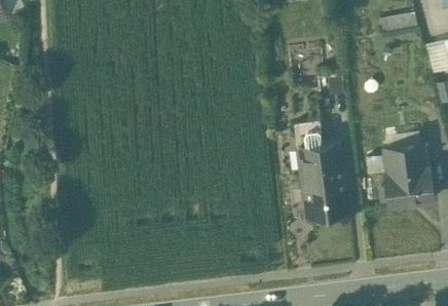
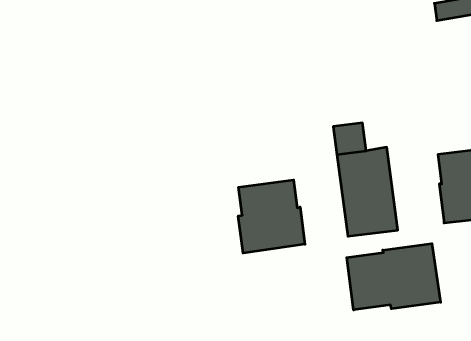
building: none -> [238,180,305,253]
building: none -> [347,244,441,310]

